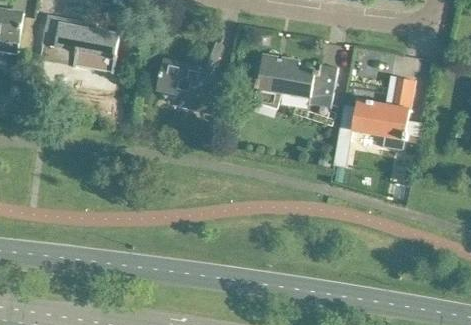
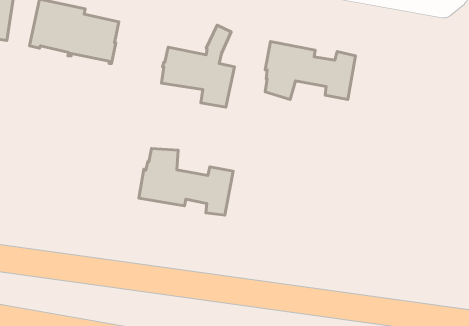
building: [338,76,421,147] -> none
building: none -> [139,149,233,215]

